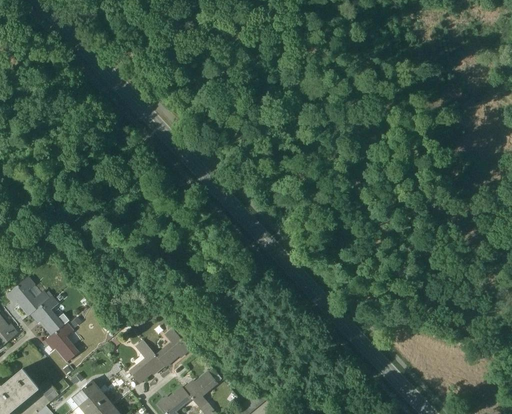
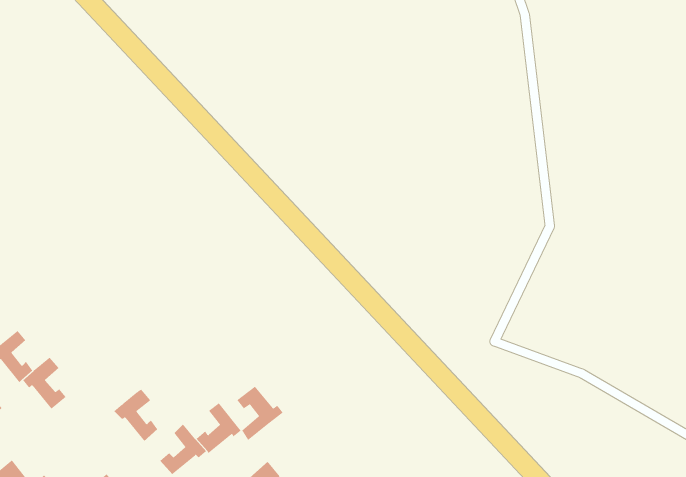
building: none -> [236,386,284,441]
building: [46,324,78,362] -> [114,389,158,442]

